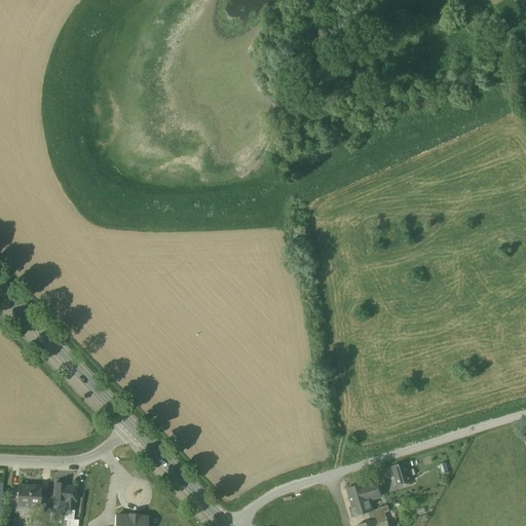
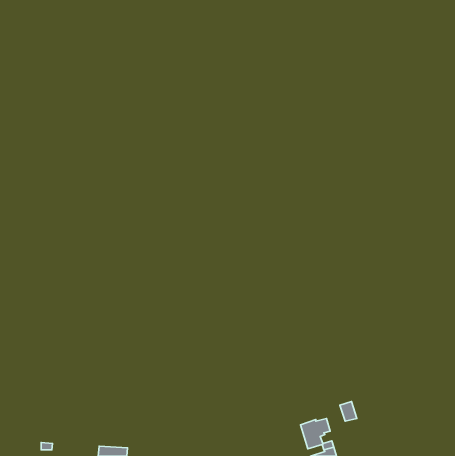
building: [52,483,75,509] -> none
building: [15,485,39,506] -> none

